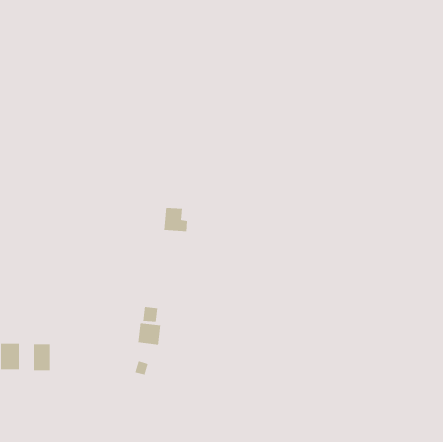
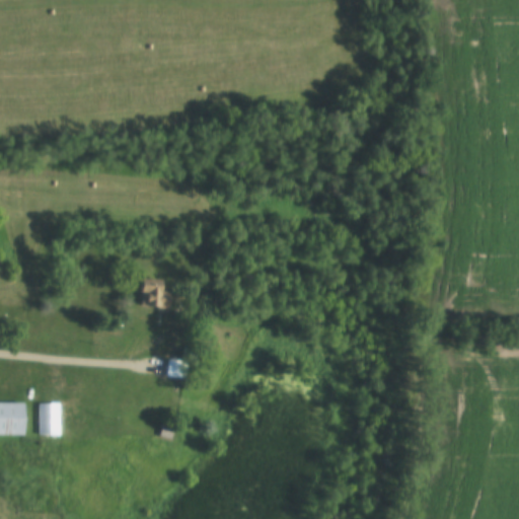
building: [164,208,188,232] -> [142,278,170,306]
building: [138,322,161,345] -> none

